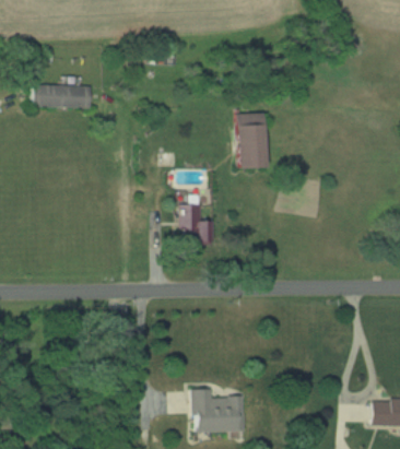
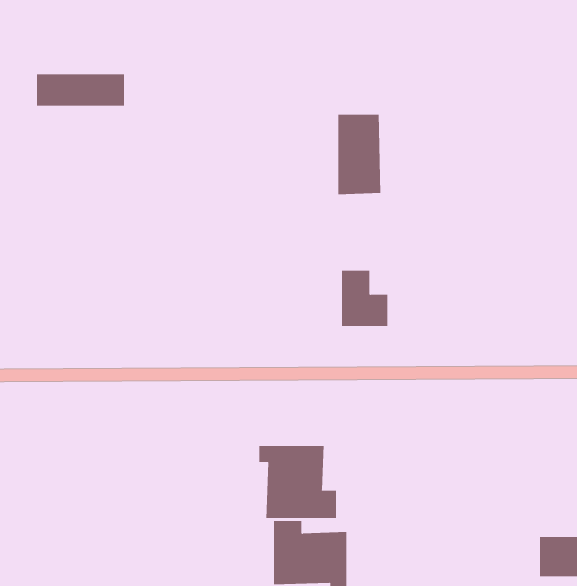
building: [181,203,213,241] -> [341,270,388,326]
building: none -> [259,445,337,519]

